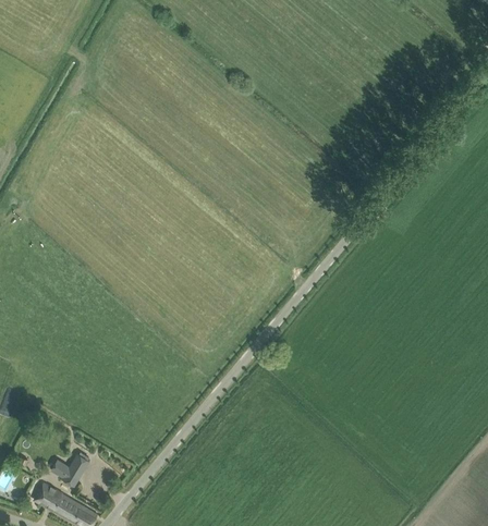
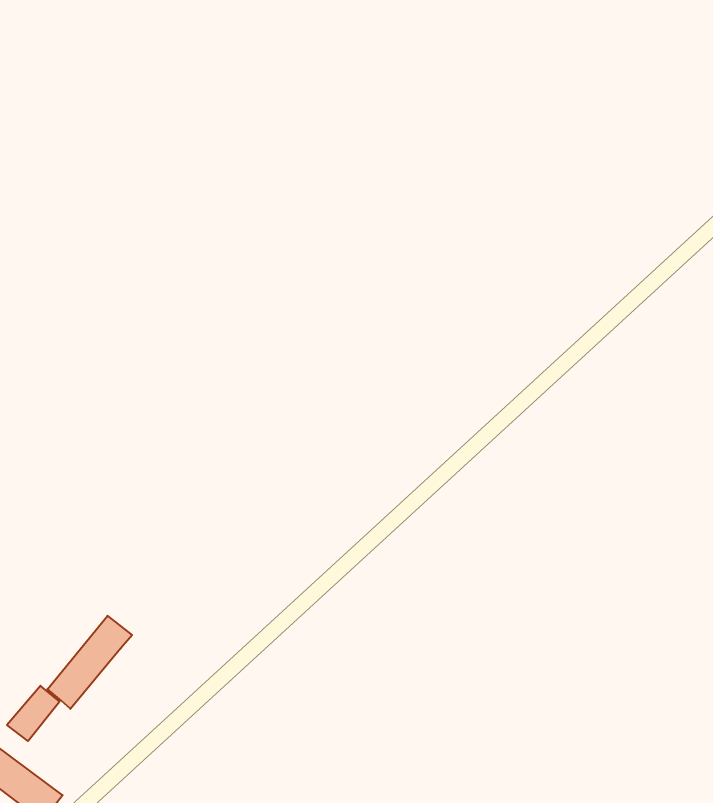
building: none -> [47,616,132,709]

